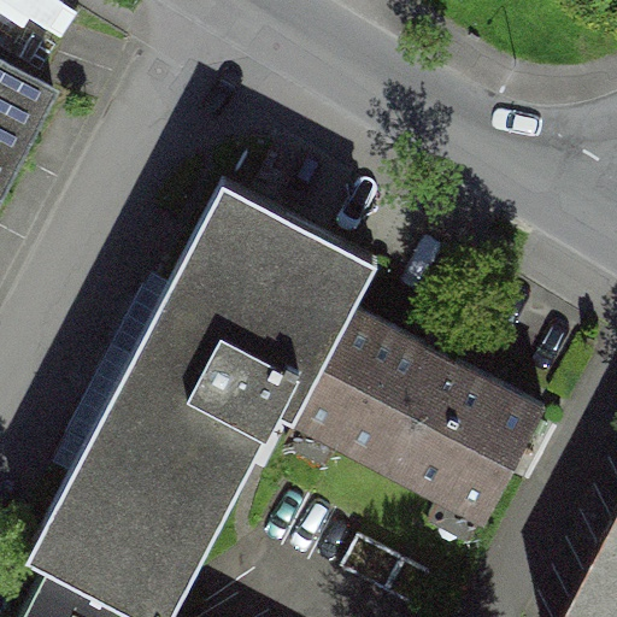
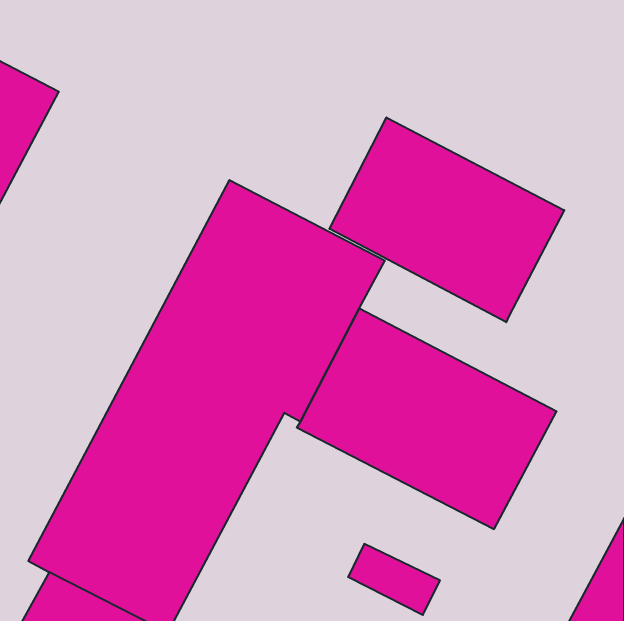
building: none -> [329,117,564,322]

